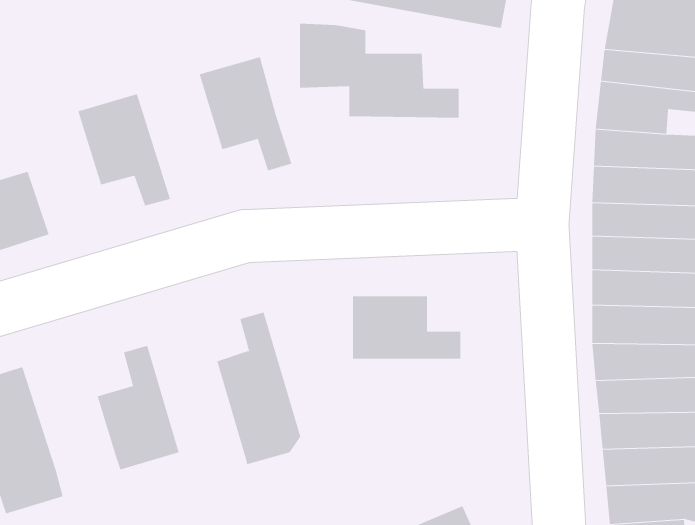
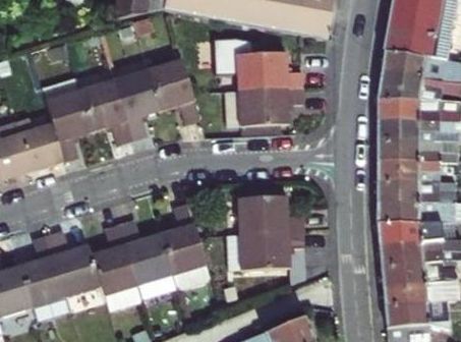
building: none -> [115,66,164,138]
building: none -> [45,88,94,159]
building: none -> [222,91,301,126]
building: none -> [121,218,177,297]
building: none -> [49,229,102,295]
building: none -> [239,231,303,267]

